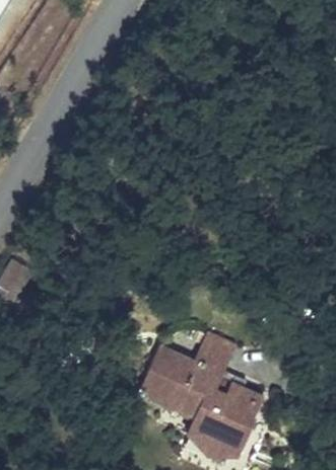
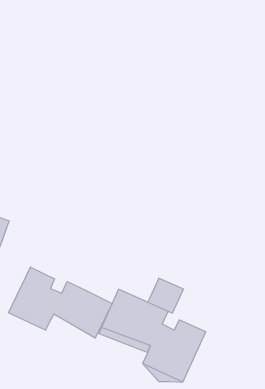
building: none -> [9,267,112,338]

